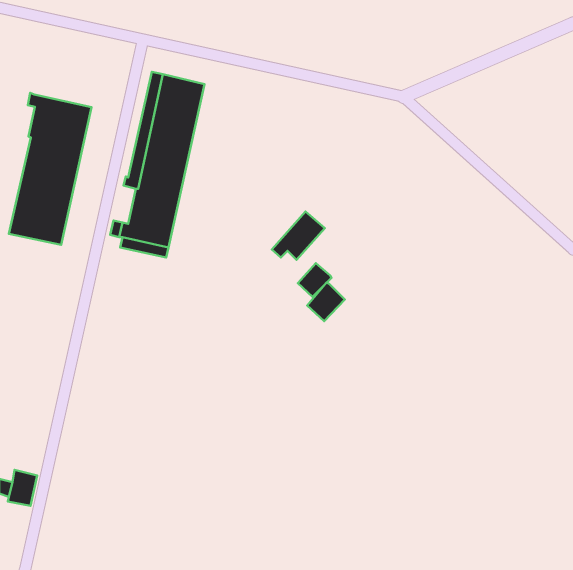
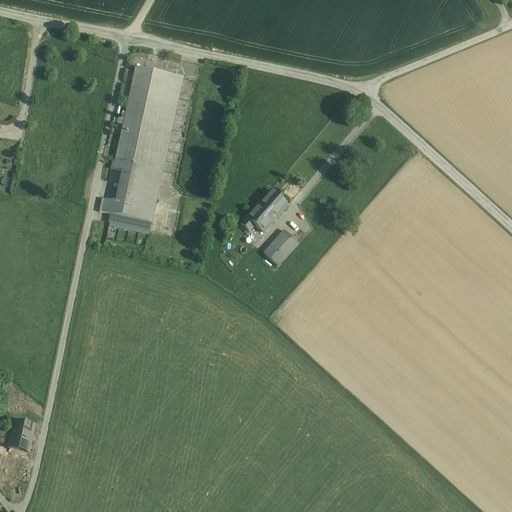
building: [9,93,92,245] -> none
building: [307,283,345,321] -> none

